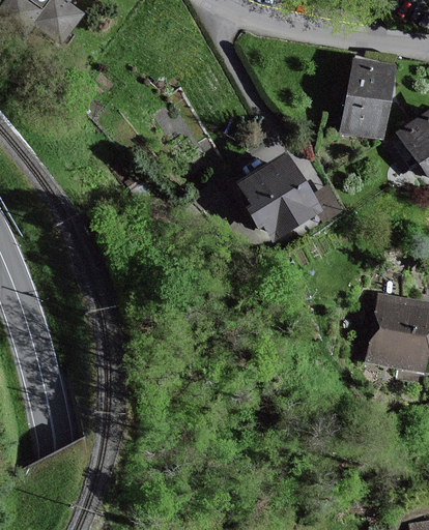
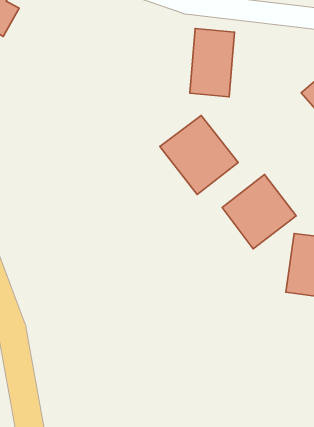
building: [341,58,397,139] -> [190,29,234,97]
building: none -> [222,175,296,249]

